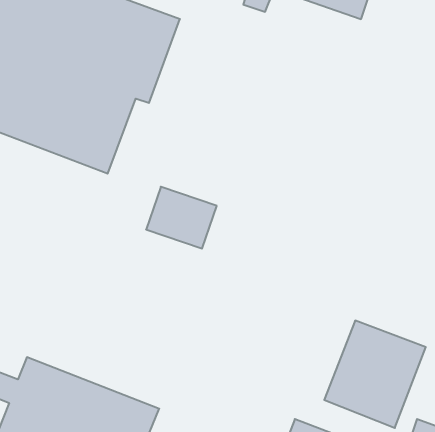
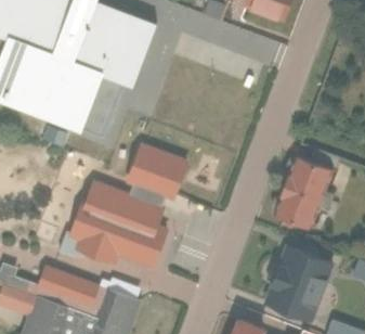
building: none -> [275,156,333,228]
building: none -> [75,185,168,270]

